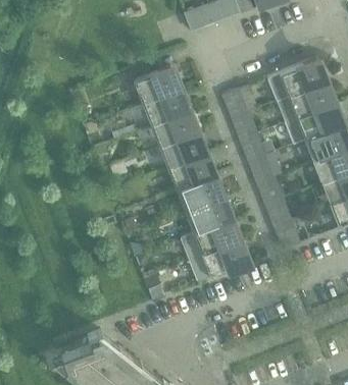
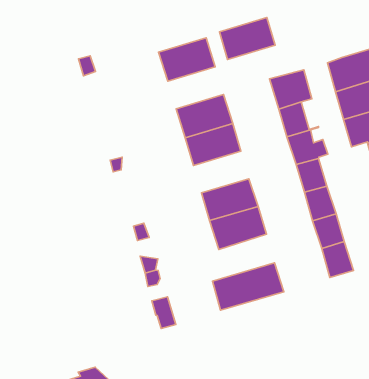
building: [144,90,189,125] -> [220,18,275,60]
building: [169,155,214,190] -> none
building: [183,219,240,260] -> none

